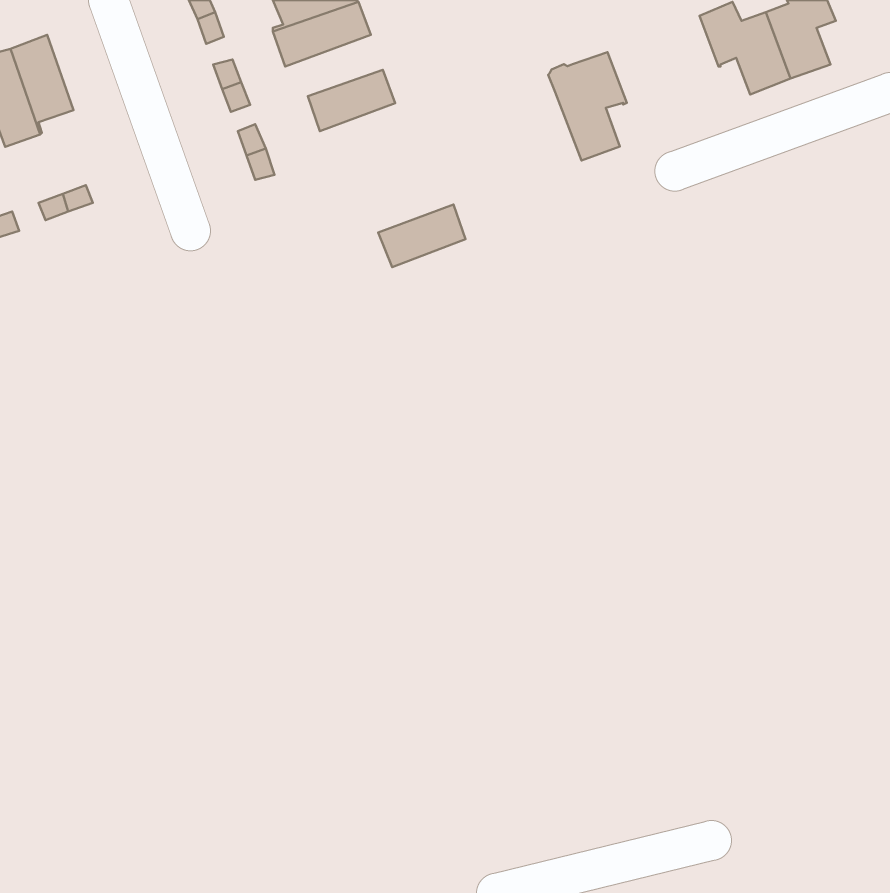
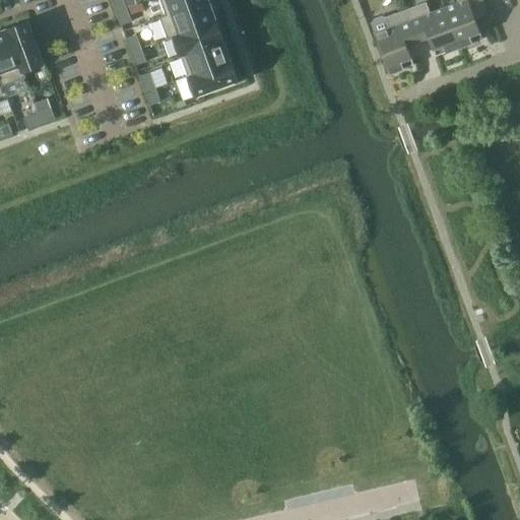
building: none -> [166,20,222,56]
building: [548,52,627,160] -> [372,9,417,72]
building: [378,204,466,267] -> [186,60,237,96]

